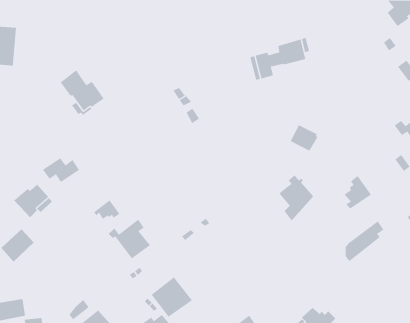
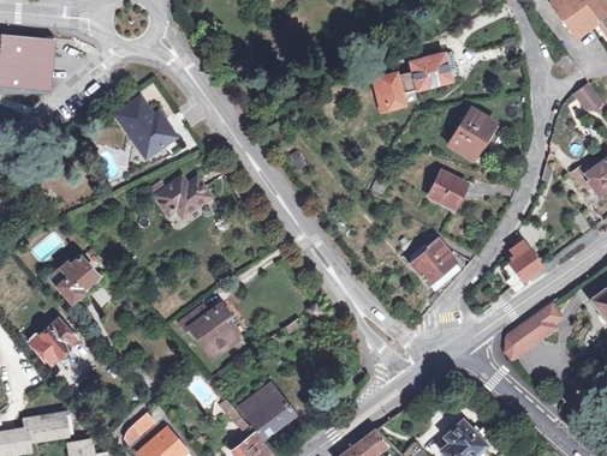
building: none -> [448,109,499,157]
building: [42,158,80,183] -> [157,175,209,210]
building: [94,200,120,220] -> none

